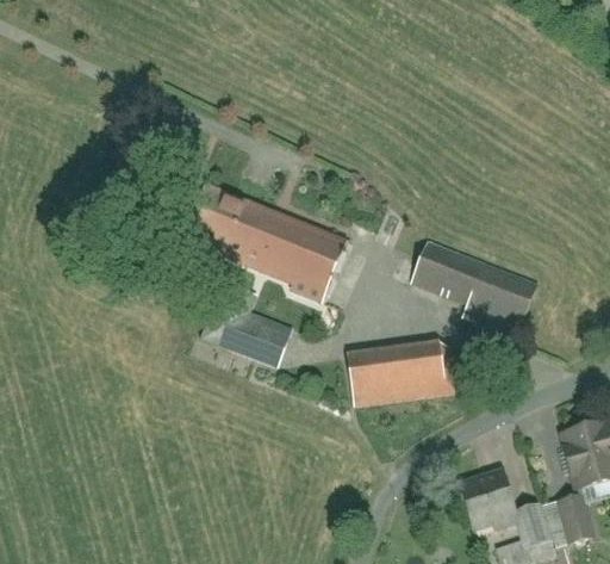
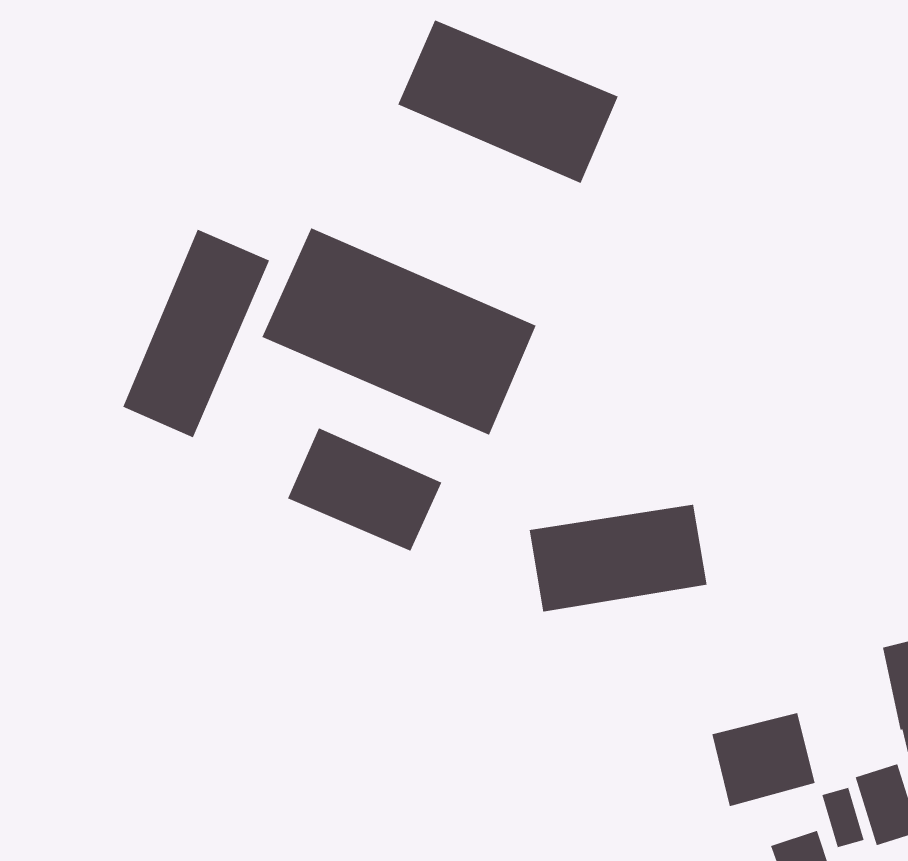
building: none -> [398,19,618,184]
building: none -> [123,229,270,438]
building: [411,231,540,326] -> none

